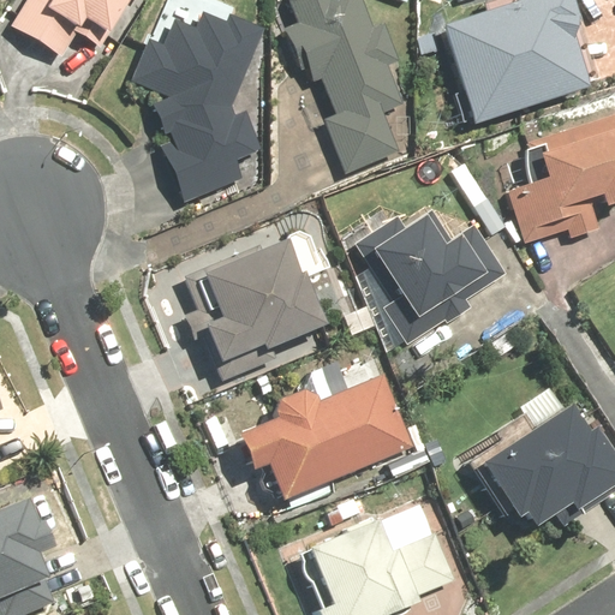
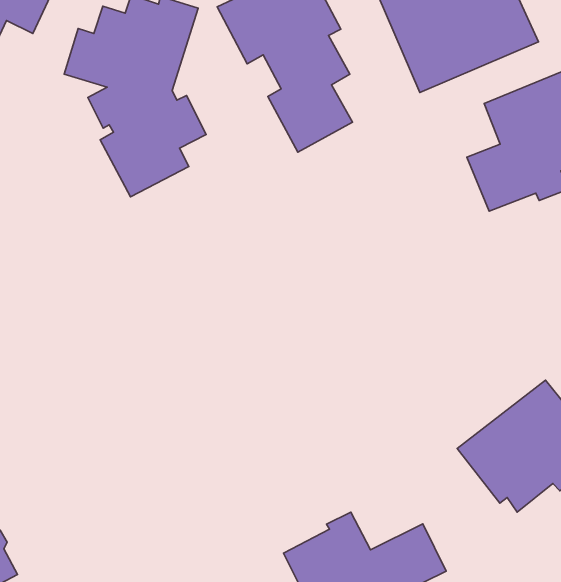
building: [358,209,509,344] -> none
building: [183,239,327,364] -> none
building: [232,374,417,501] -> none

